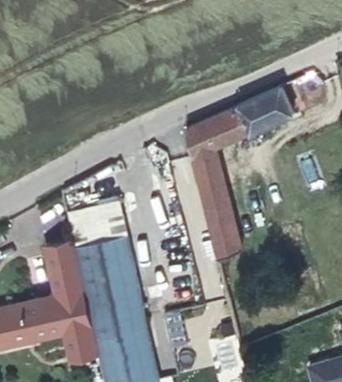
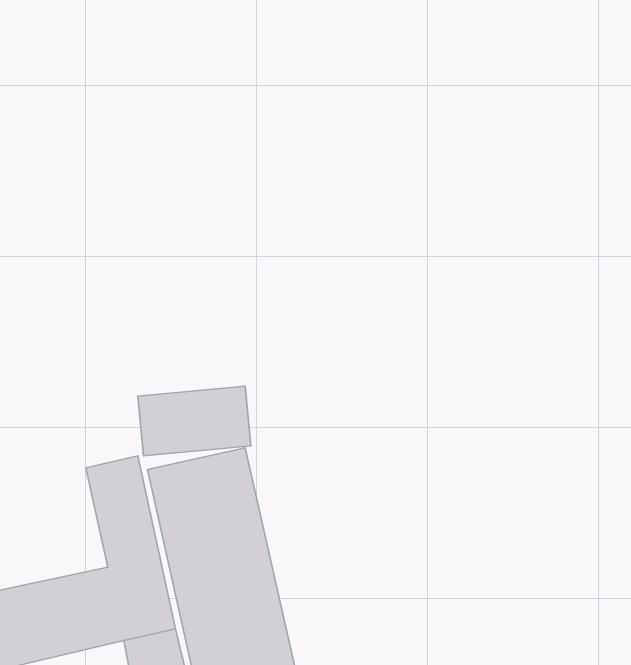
building: [185,88,293,262] -> none

